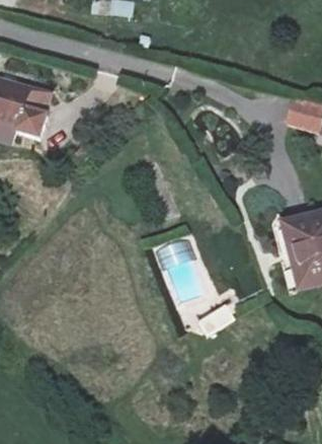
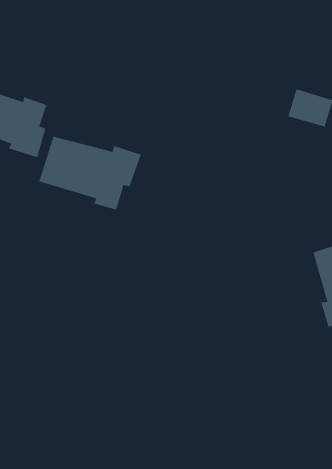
building: none -> [39,136,142,210]

